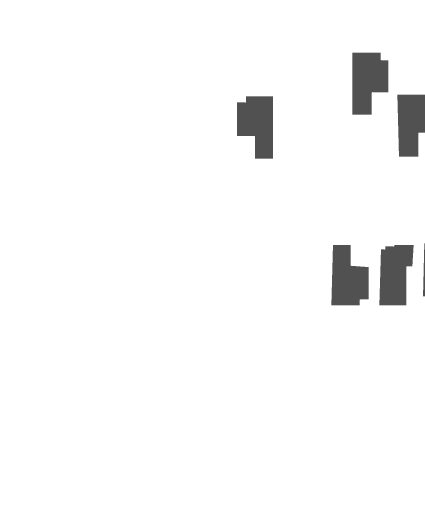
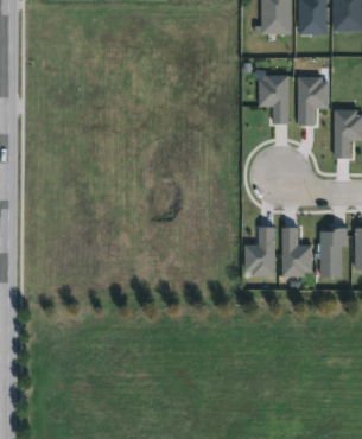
building: [236,96,274,159] -> [259,74,288,123]
building: none -> [244,225,274,275]

